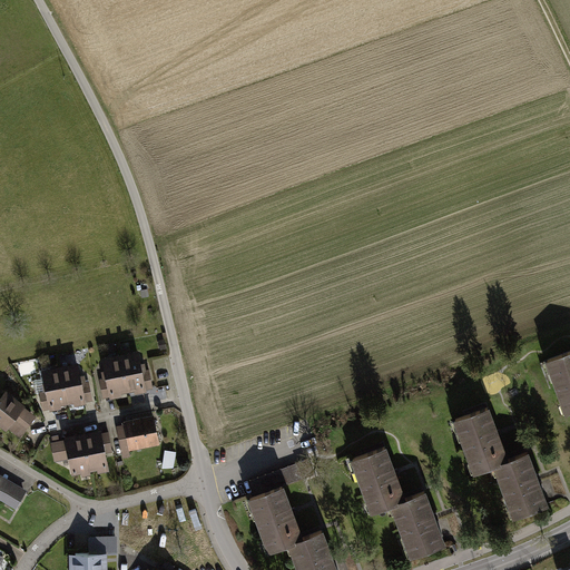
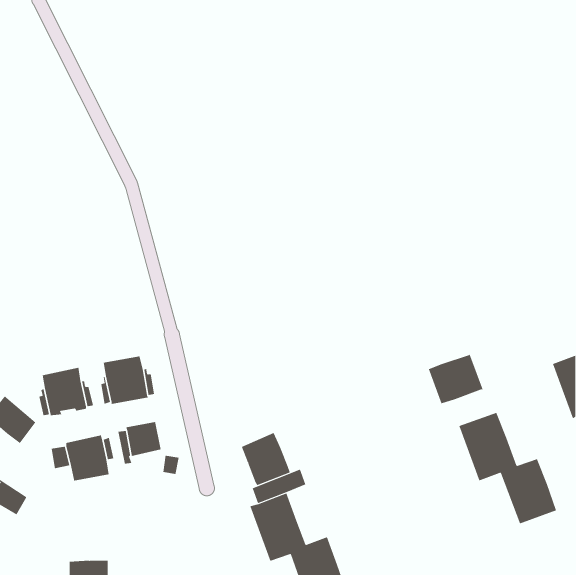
building: none -> [428,354,484,404]
building: none -> [241,432,291,486]
building: [350,446,446,560] -> none
building: [88,537,117,554] -> none

